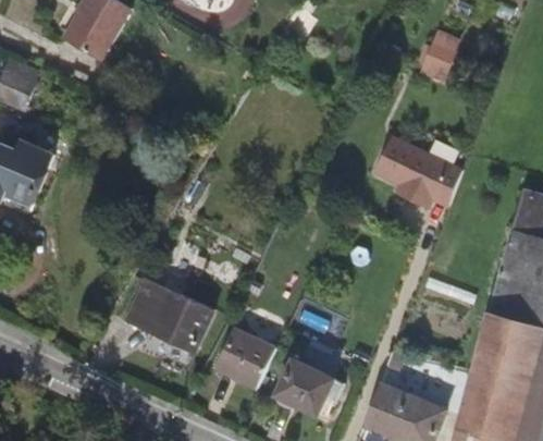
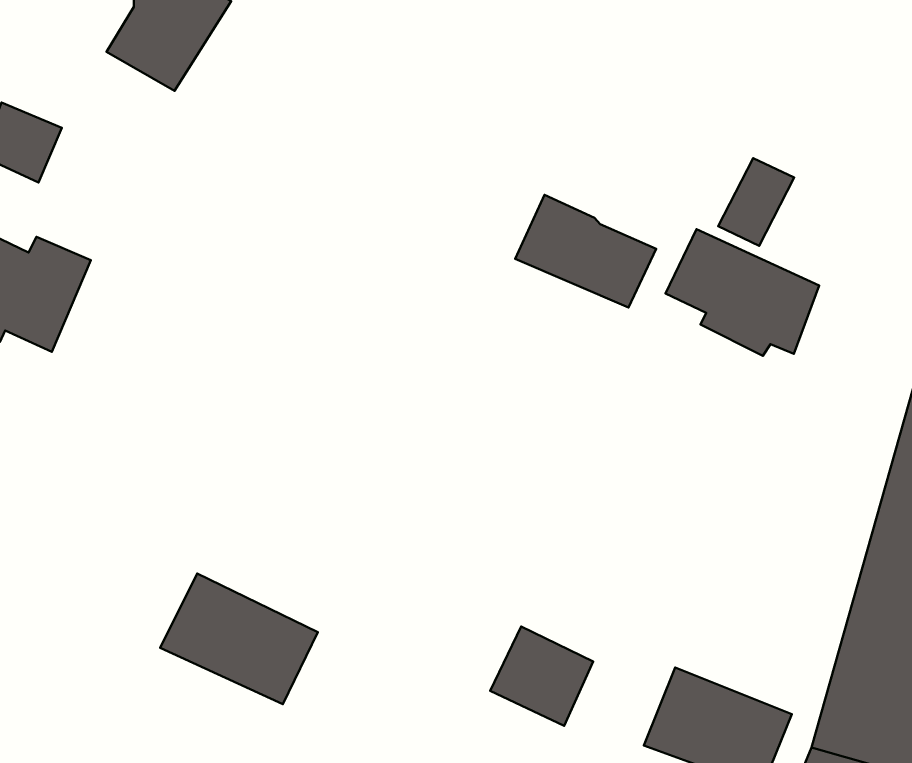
building: [419,32,461,81] -> [718,158,794,246]
building: none -> [515,195,656,308]
building: [124,279,212,352] -> [160,574,318,704]
building: [218,328,276,383] -> none

